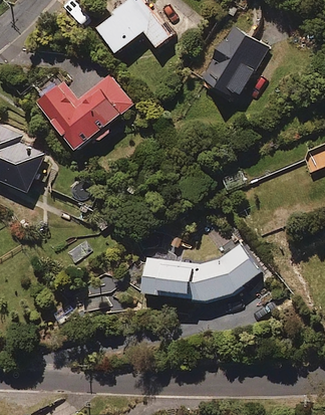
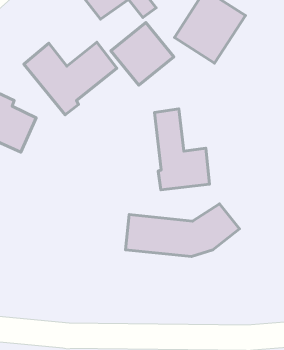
building: none -> [111,23,174,85]
building: none -> [155,109,210,190]

